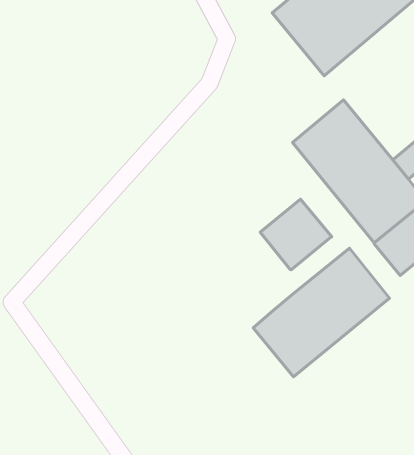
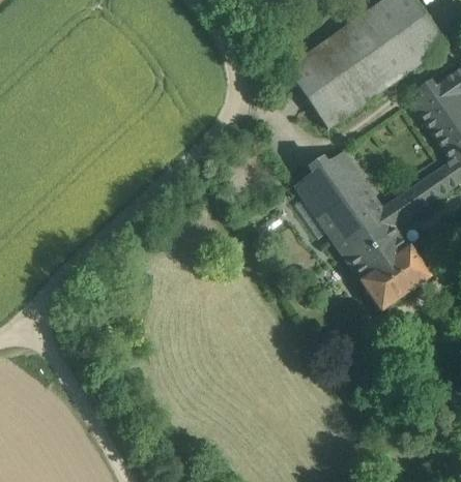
building: [260,199,332,270] -> none
building: [253,248,389,377] -> none

